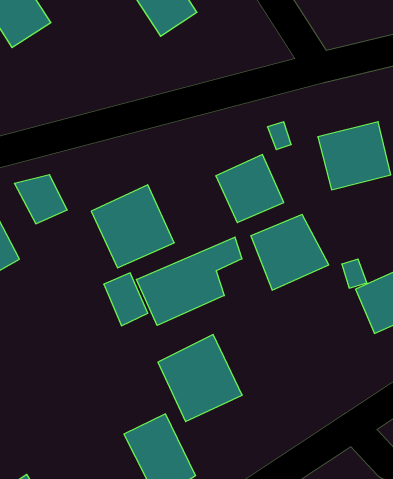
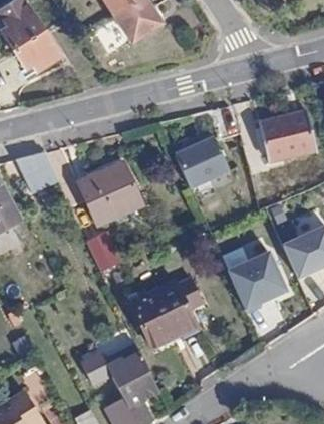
building: none -> [13,30,60,70]
building: [251,215,329,290] -> [230,252,292,312]
building: [136,237,242,325] -> none

